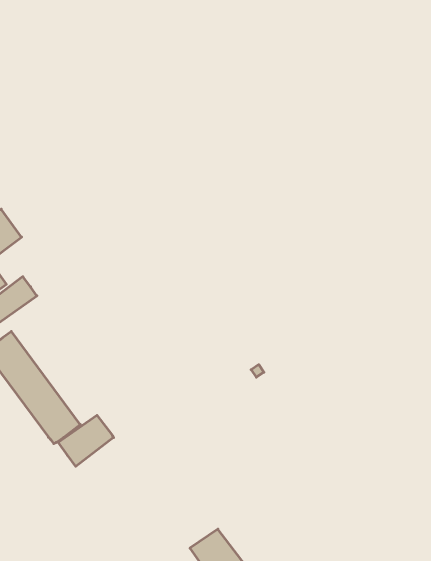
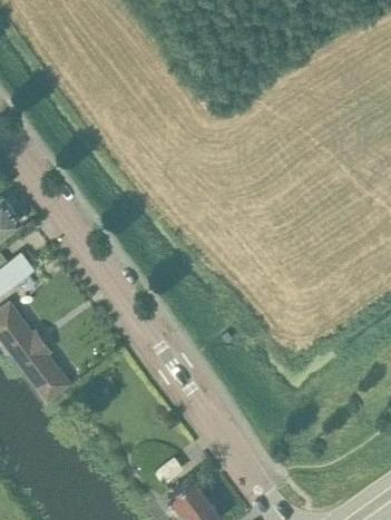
building: [58,415,114,466] -> none

